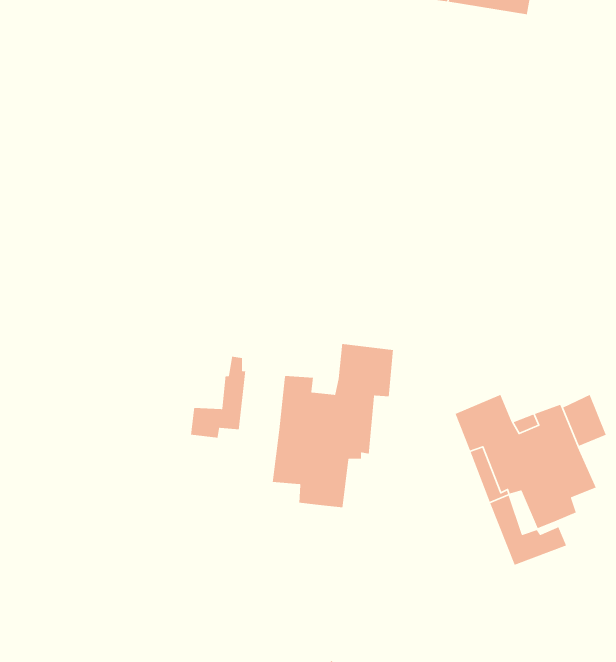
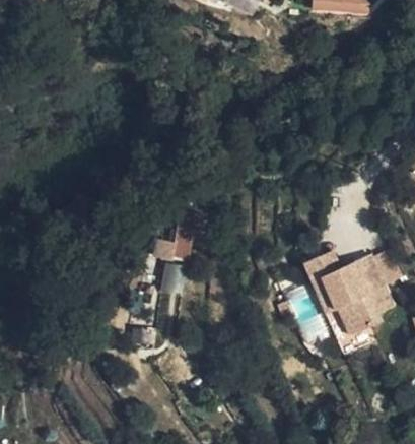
building: [272,343,394,508] -> none

